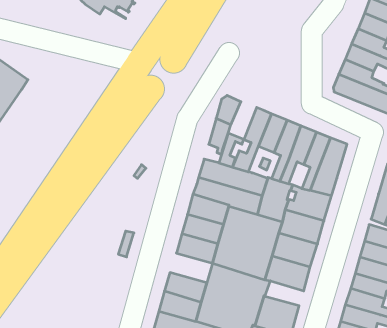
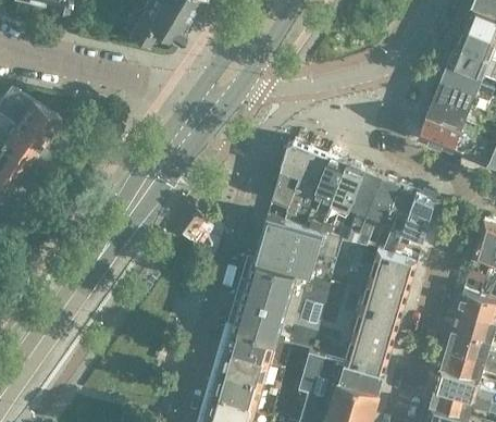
building: none -> [295,149,328,194]
building: none -> [226,327,276,362]
building: none -> [338,360,384,389]

